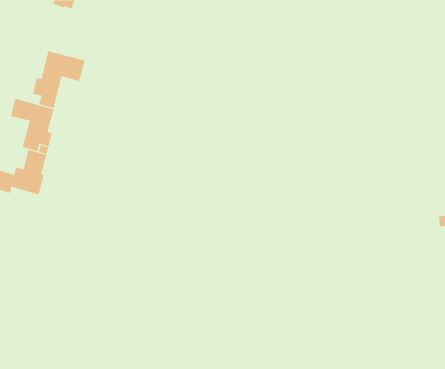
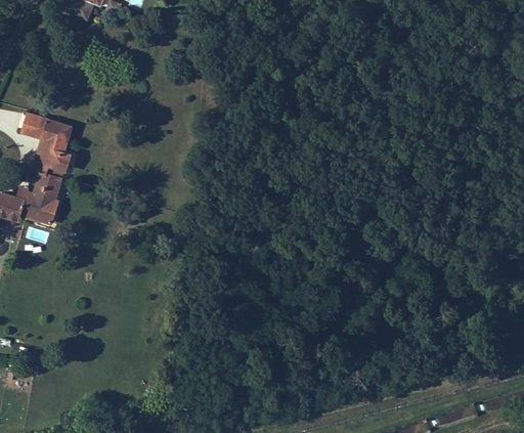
building: [32,51,85,109] -> none

